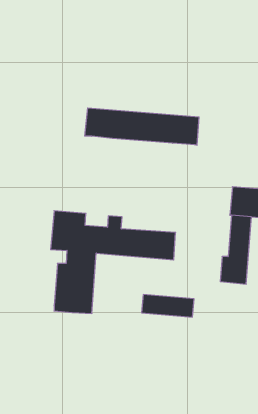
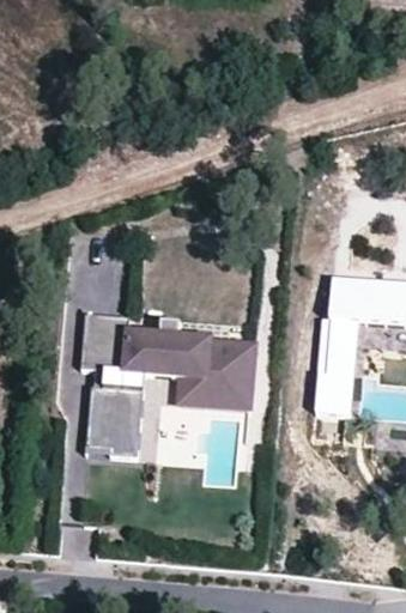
building: [85,108,199,145] -> none
building: [142,295,194,317] -> [178,375,252,406]

